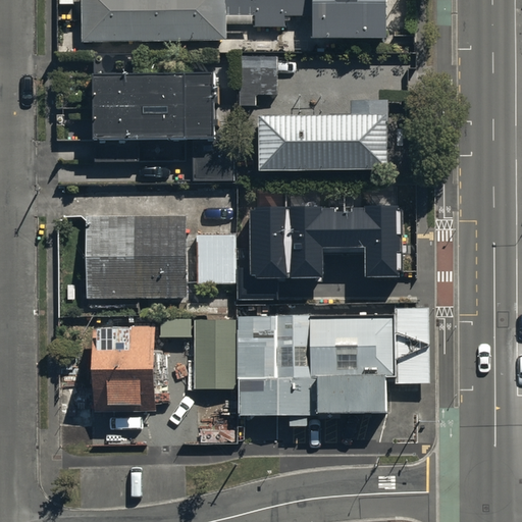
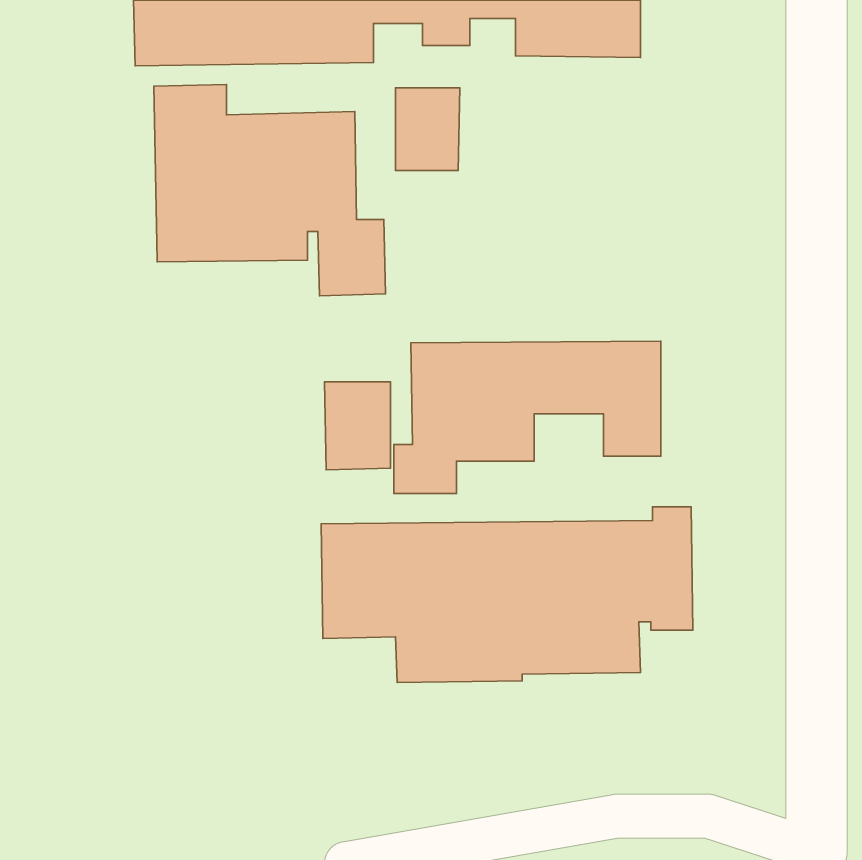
building: [259,99,387,165] -> none
building: [87,215,186,298] -> none
building: [92,323,156,412] -> none

